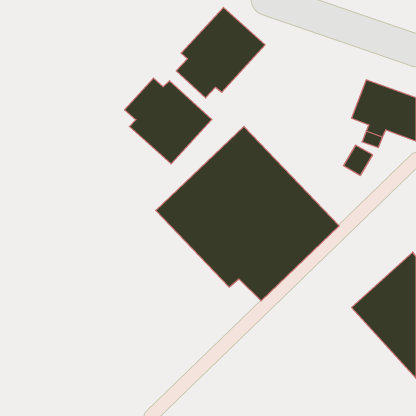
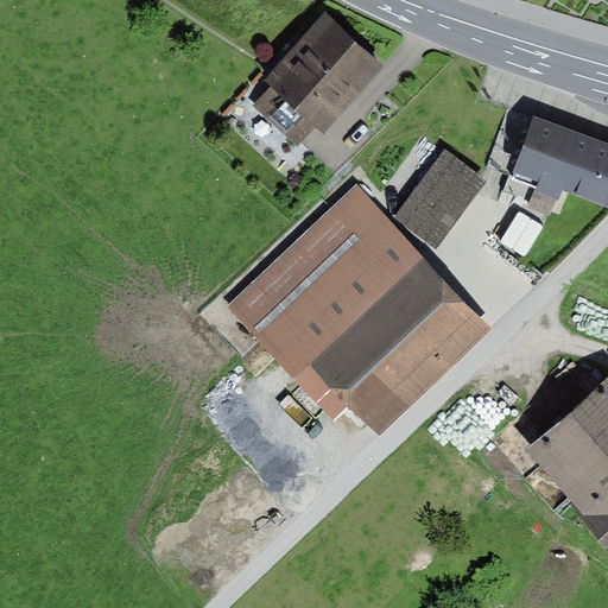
building: [125,78,212,164] -> none
building: none -> [395,150,486,247]

